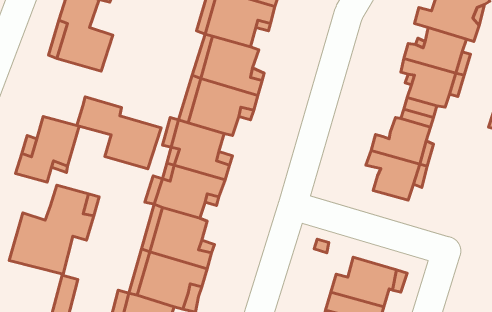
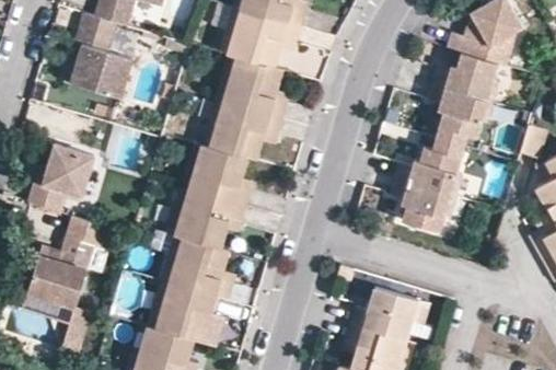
building: [77,97,161,169] -> none

